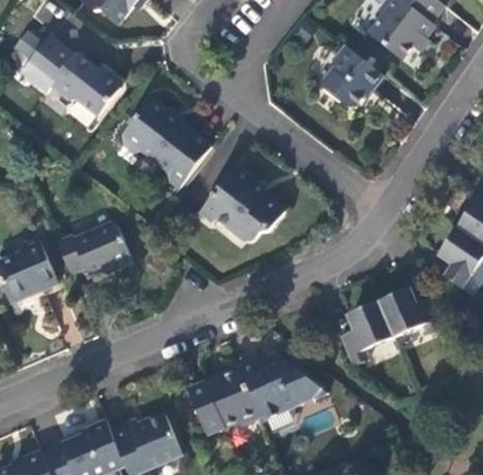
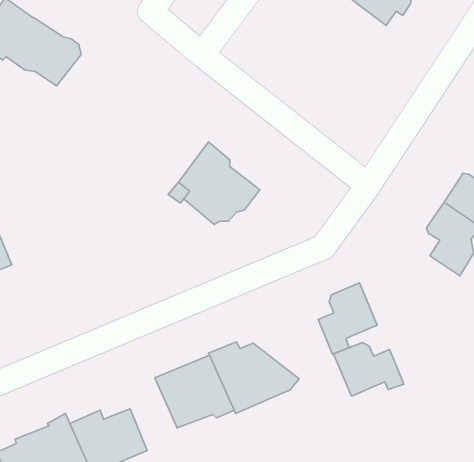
building: [323,44,385,108] -> none
building: [125,100,213,188] -> none
building: [56,220,132,278] -> none
building: [377,289,442,338] -> [333,343,404,396]

